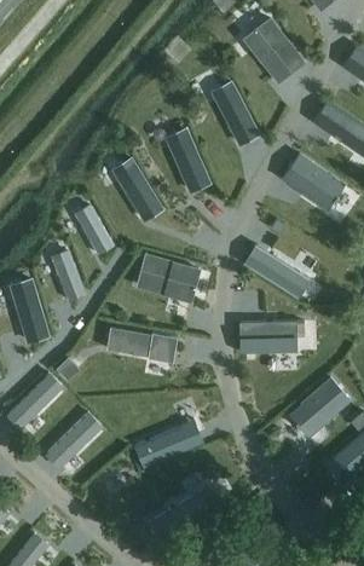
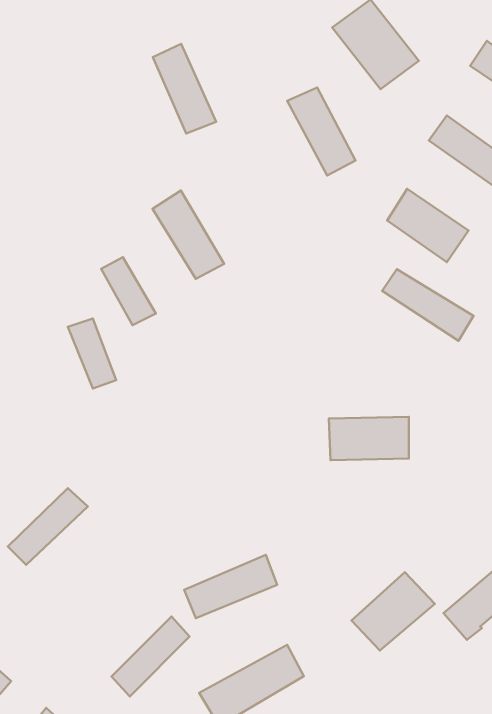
building: [166,127,212,192] -> [153,44,216,134]
building: [245,246,312,298] -> [382,269,473,341]
building: [137,253,201,301] -> none
building: [10,278,50,342] -> none
building: [108,328,175,360] -> none
building: [289,379,349,435] -> [352,572,435,650]
building: [46,411,103,469] -> [112,617,190,696]

